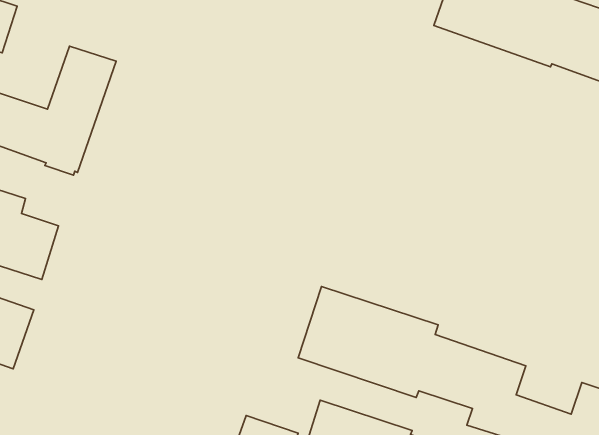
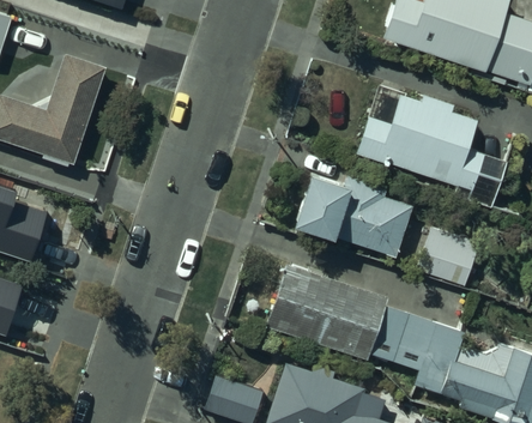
building: none -> [357,84,508,207]
building: none -> [282,175,412,256]
building: none -> [418,228,484,286]

